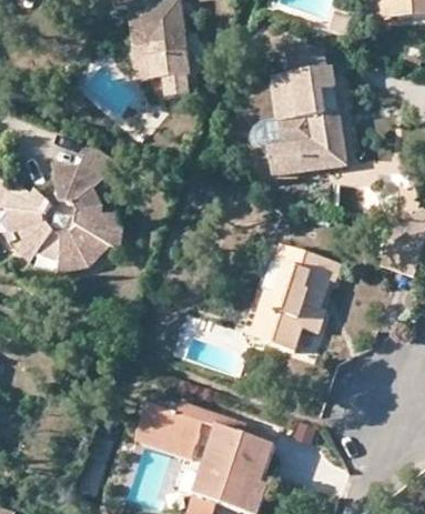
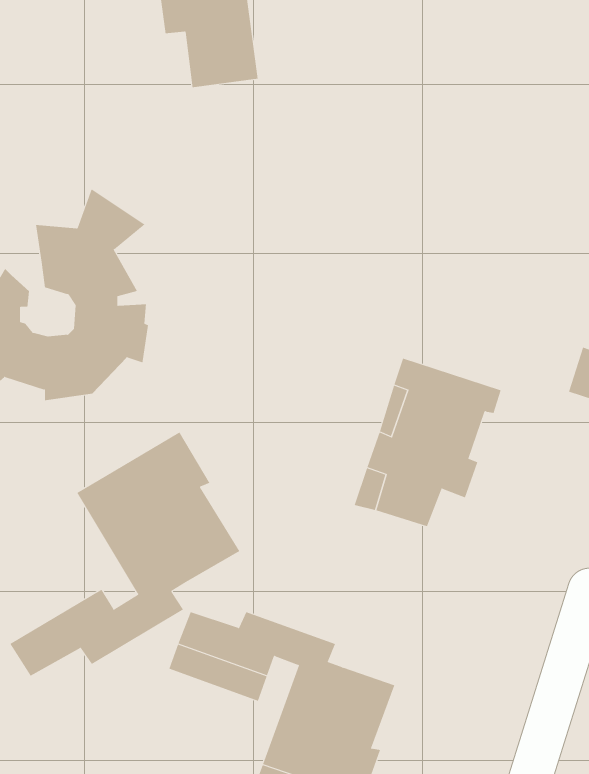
building: [266,71,345,178] -> none
building: [37,188,75,233] -> none
building: none -> [10,431,240,677]

